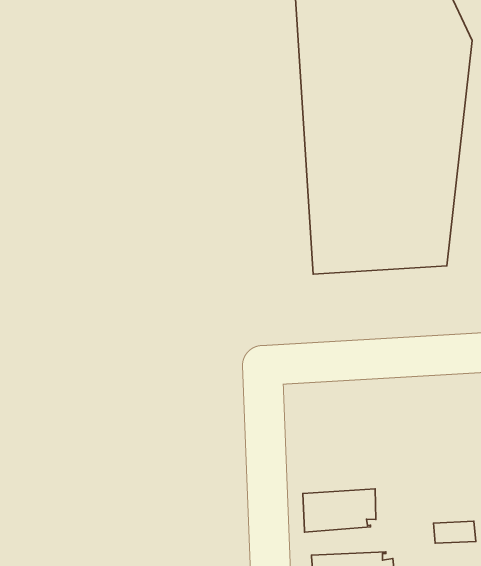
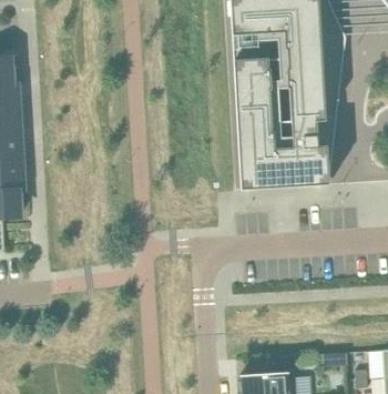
building: [303,489,376,532] -> none

